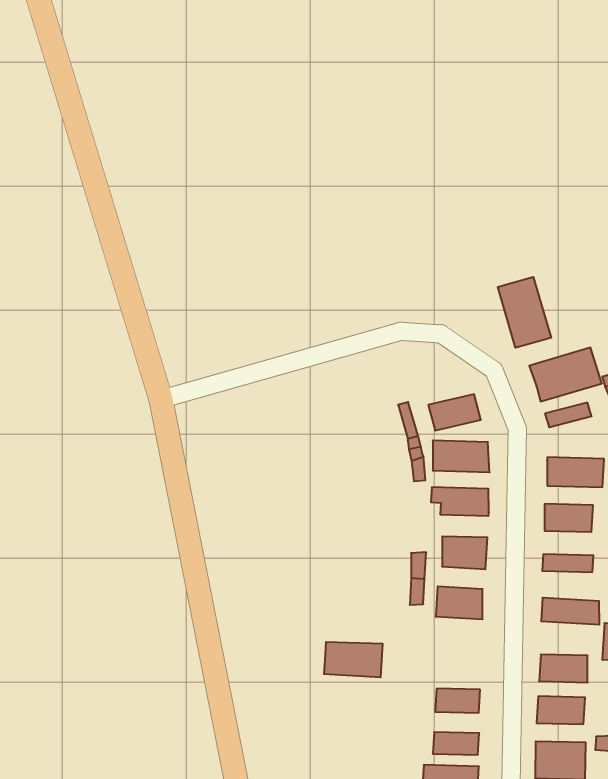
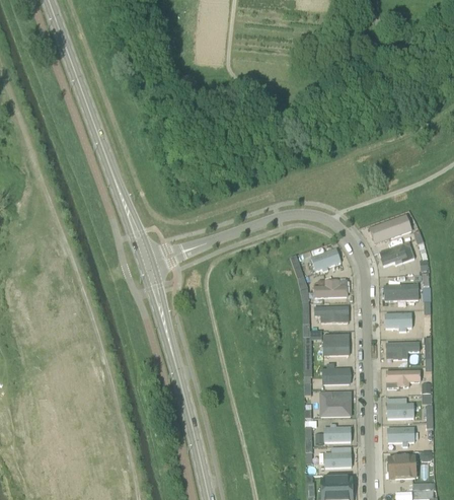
building: [498,277,551,348] -> none
building: [324,642,383,677] -> [318,397,353,417]

